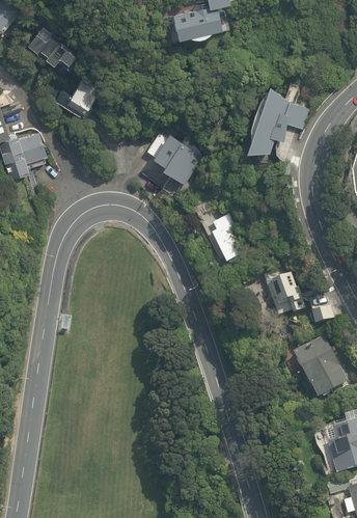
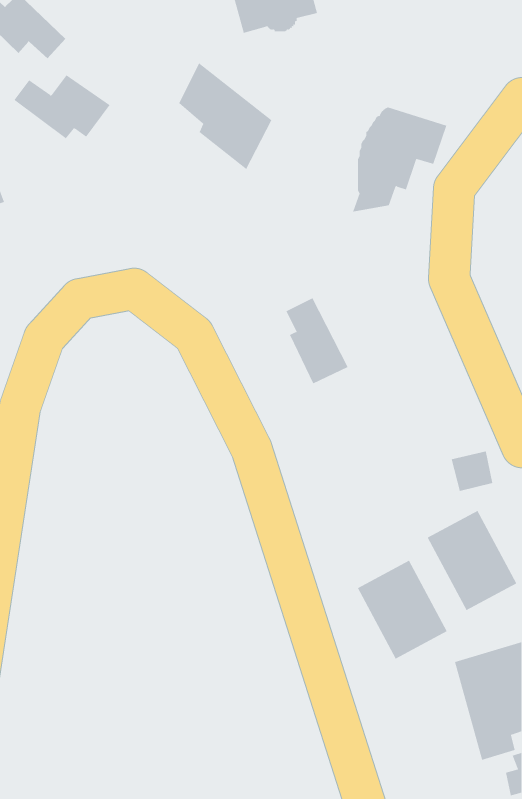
building: [141,121,198,187] -> [179,62,272,170]
building: [264,270,308,316] -> none
building: none -> [357,560,448,659]

